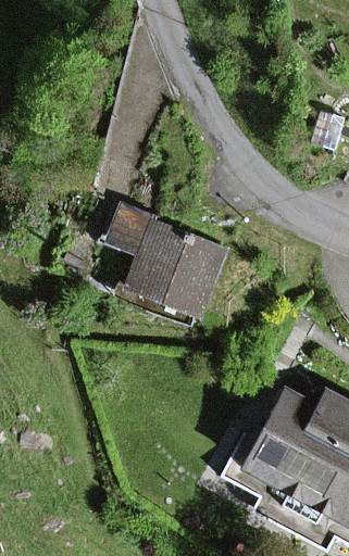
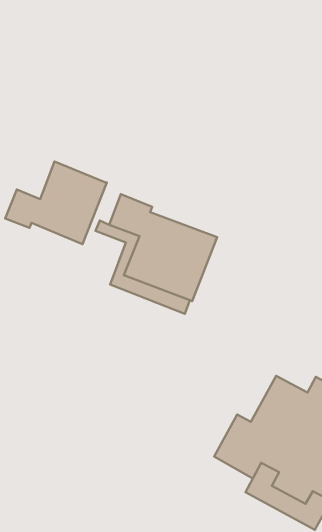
building: none -> [5,162,107,244]

